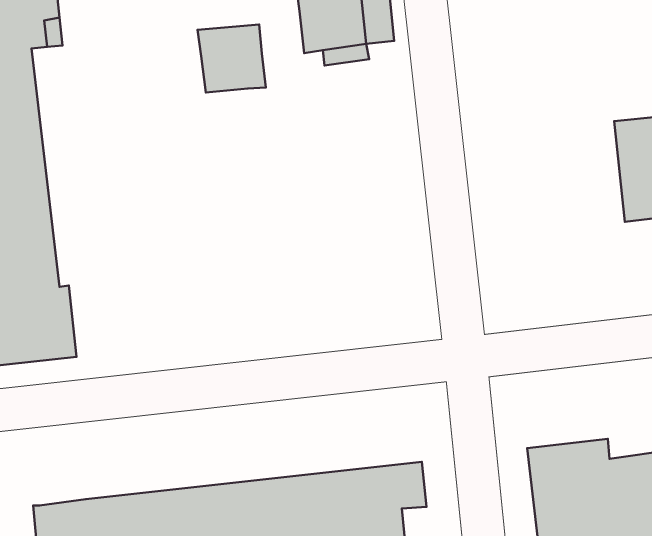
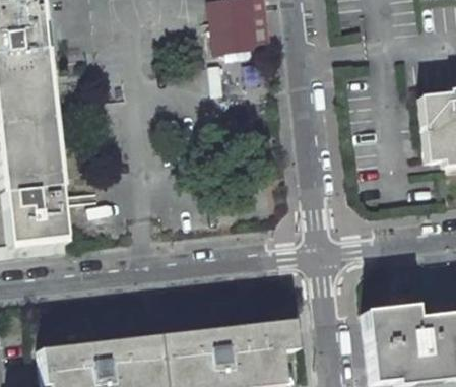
building: [198,25,266,92] -> none

